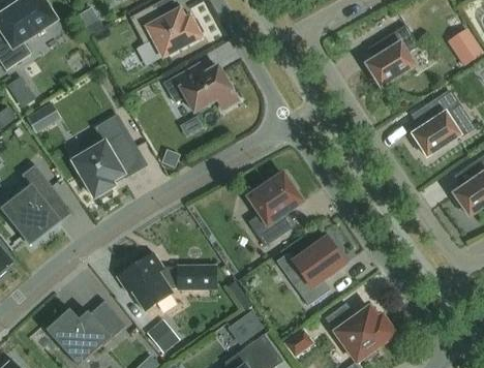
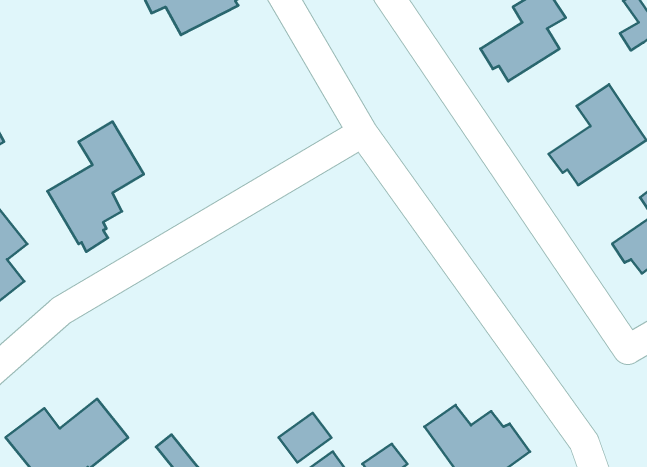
building: [163,65,238,112] -> none
building: [249,174,302,246] -> none
building: [293,237,346,304] -> none
building: [118,252,216,310] -> none

